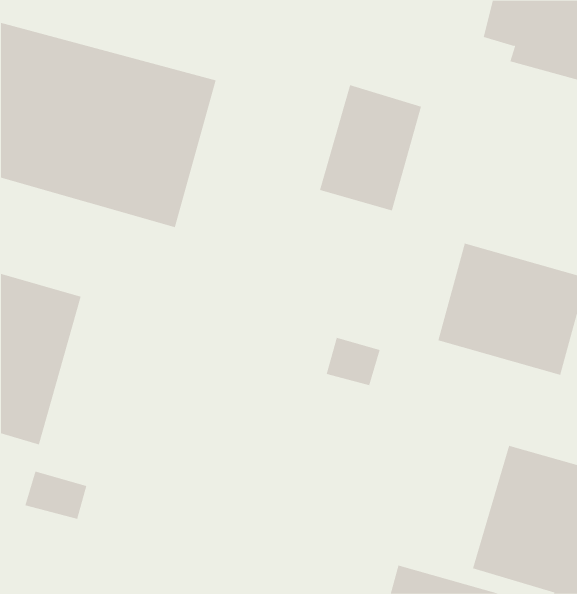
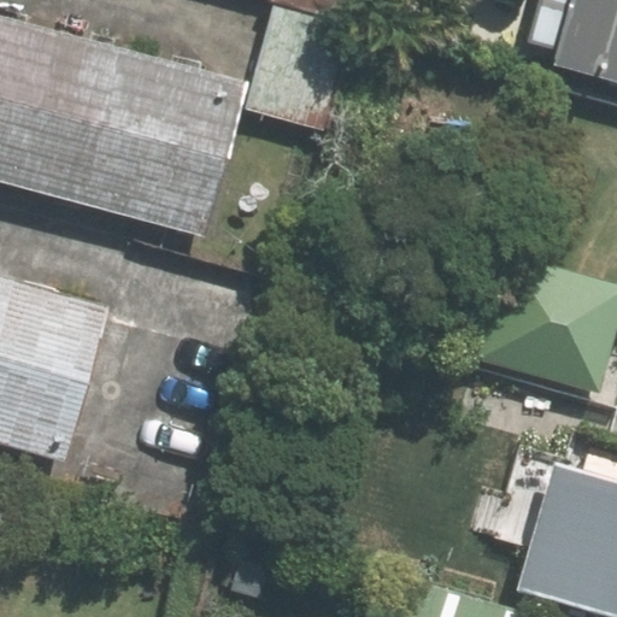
building: [319,84,422,211] -> [255,11,362,142]

